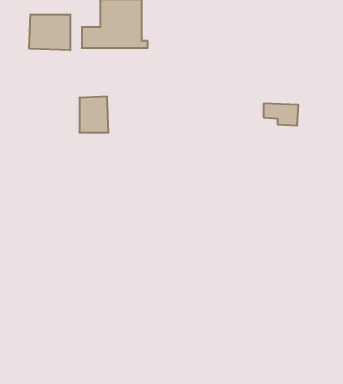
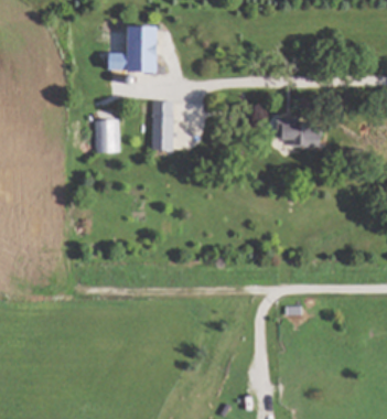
building: [29,14,70,50] -> none
building: none -> [152,100,174,149]

